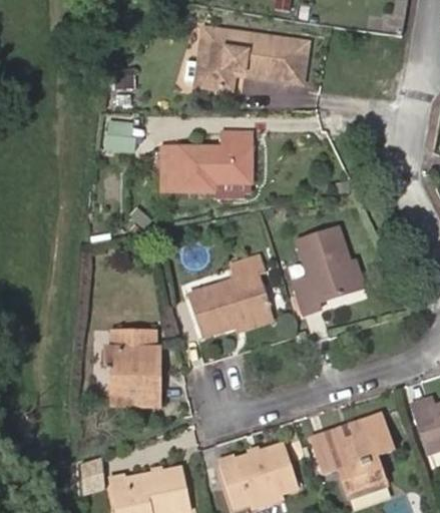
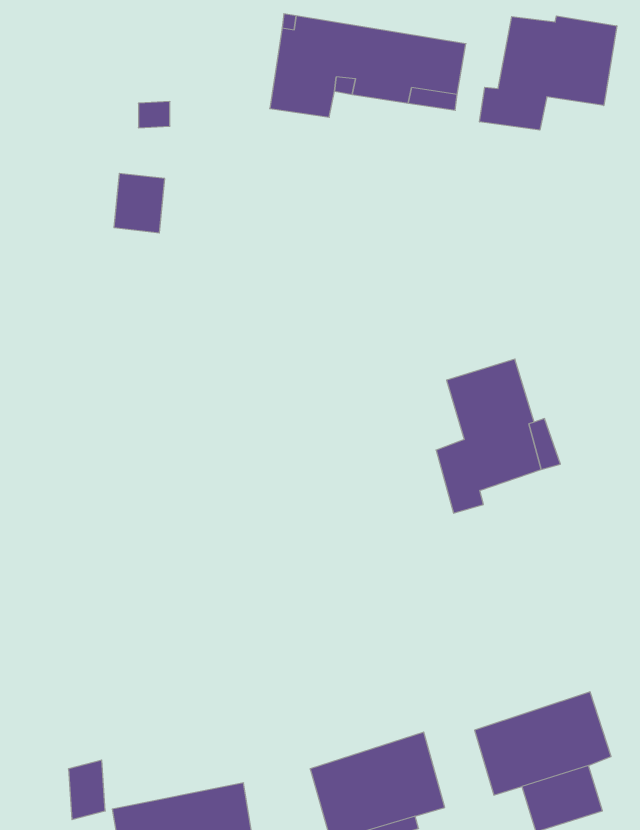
building: none -> [480,16,617,130]
building: [161,133,251,193] -> none
building: [186,259,269,339] -> none
building: [103,335,157,409] -> none

